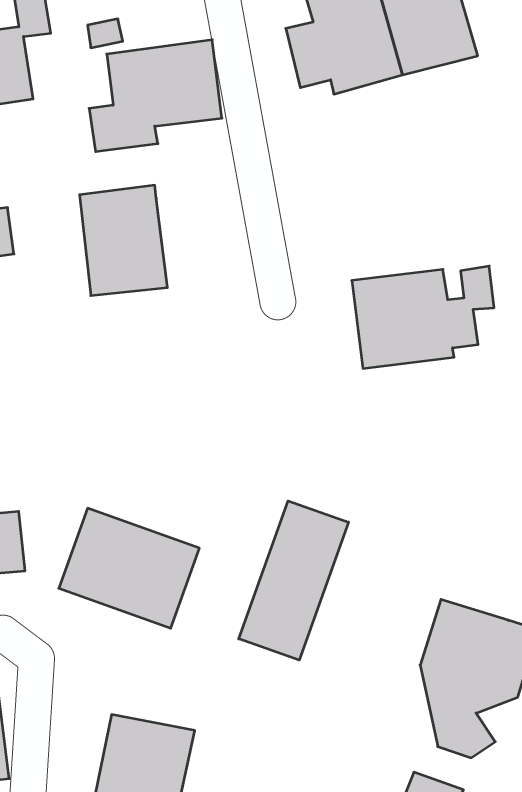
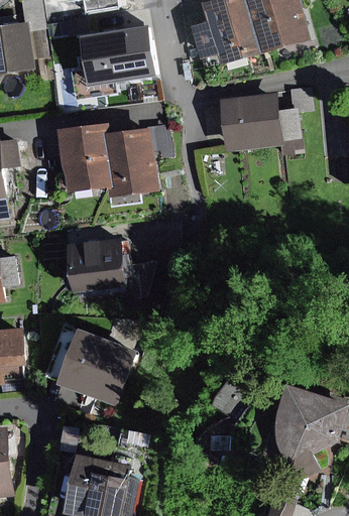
building: none -> [108,125,165,194]
building: [352,266,494,368] -> [219,89,309,153]
building: none -> [66,238,128,293]
building: [239,501,348,660] -> none

